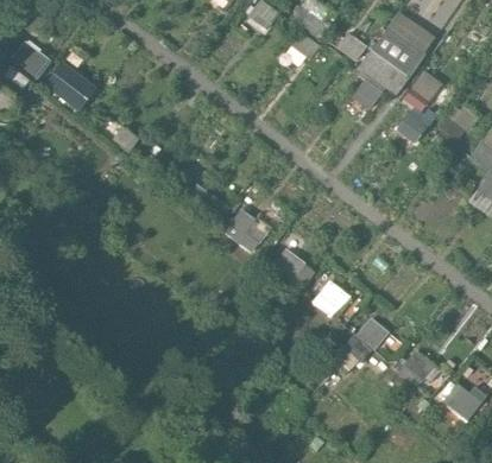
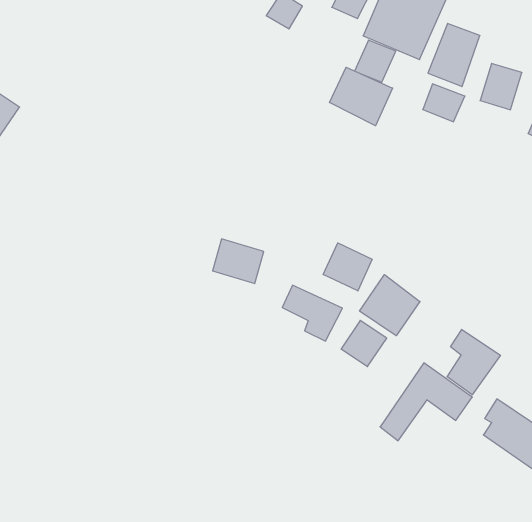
building: none -> [330,67,393,126]
building: none -> [323,243,372,291]
building: none -> [360,275,420,336]
building: none -> [447,329,500,395]

